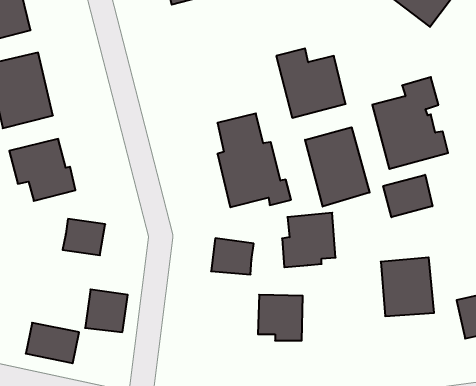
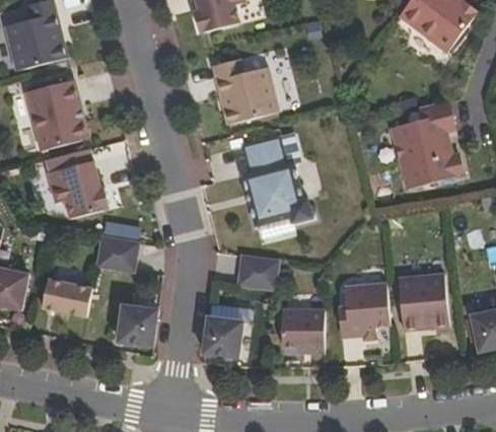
building: [276,48,346,118] -> [213,58,279,124]
building: [305,127,370,207] -> none
building: [383,175,432,217] -> none
building: [282,213,336,267] -> [339,282,389,334]
building: none -> [203,314,243,356]
building: [26,323,79,363] -> [42,278,92,316]

